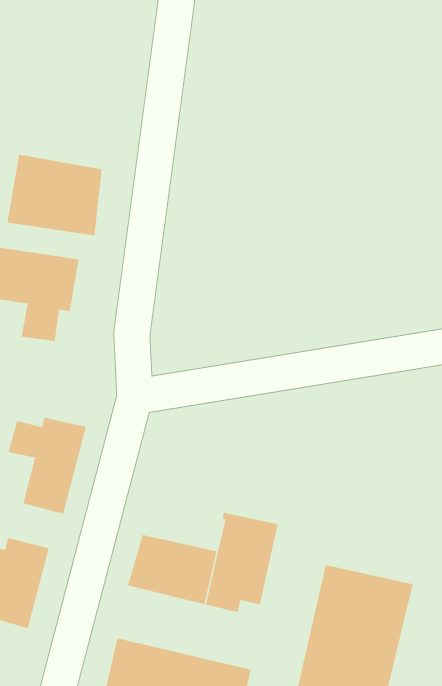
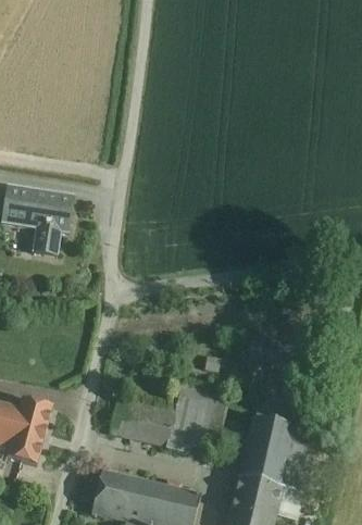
building: [7,154,102,236] -> none
building: [8,417,86,514] -> none

